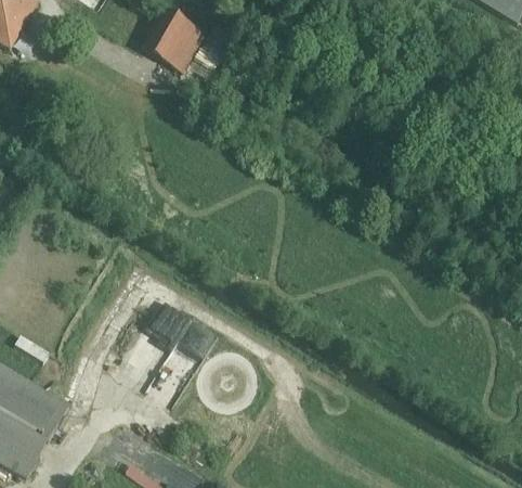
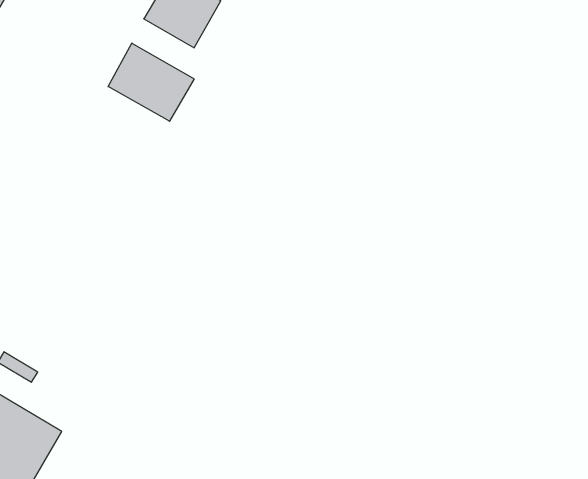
building: none -> [108,43,194,121]

